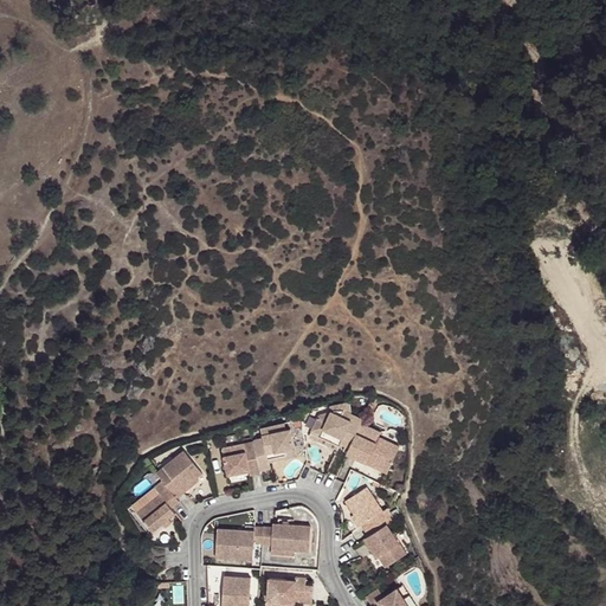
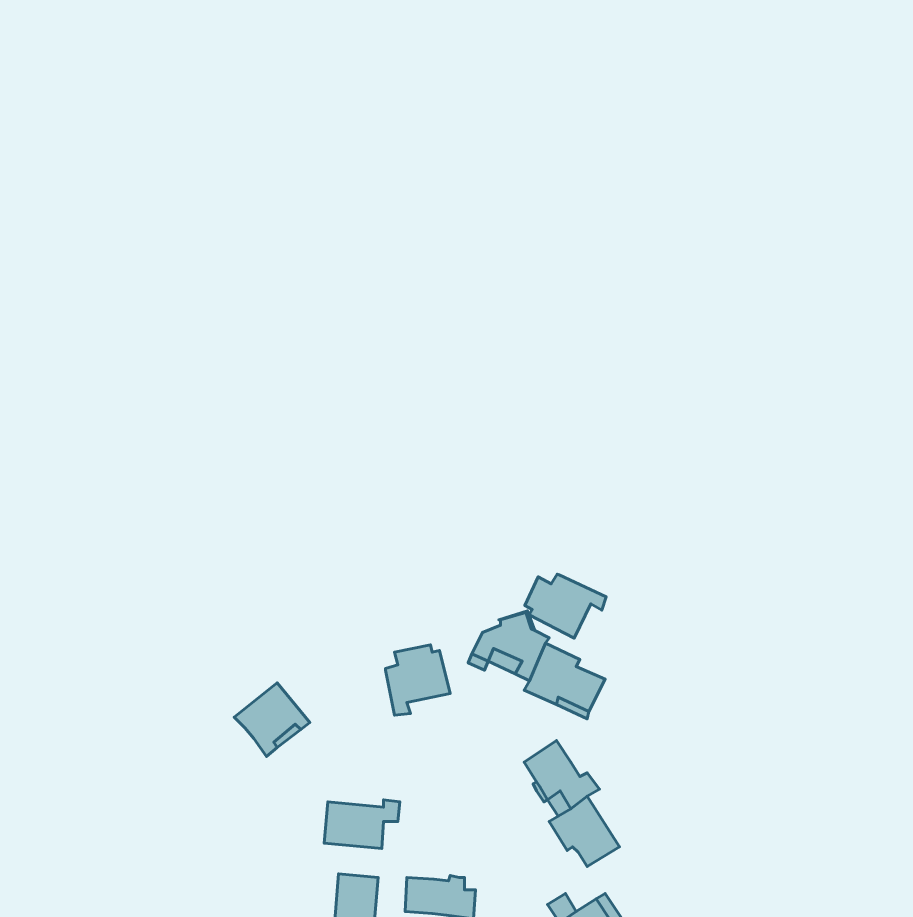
building: none -> [525,574,606,638]
building: [223,443,259,476] -> none
building: [136,481,178,533] -> none
building: [262,526,309,554] -> none

